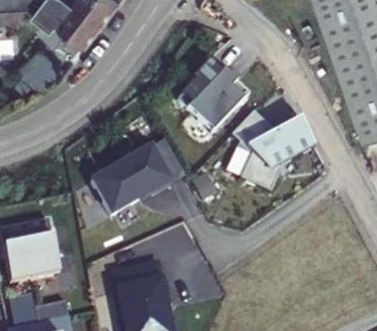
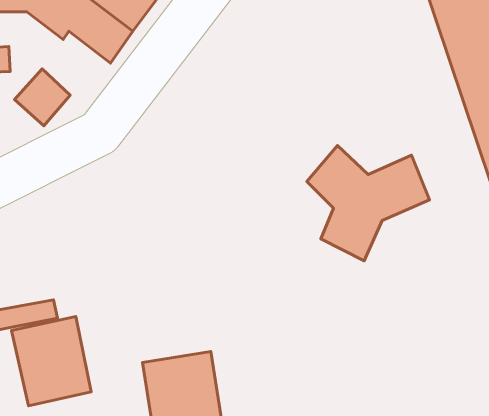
building: [168,61,244,127] -> none
building: [88,141,171,215] -> none

